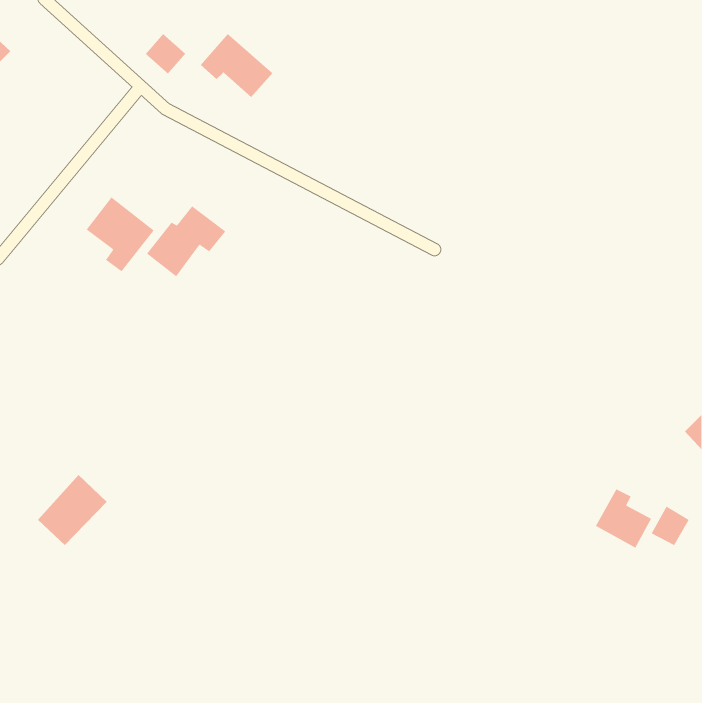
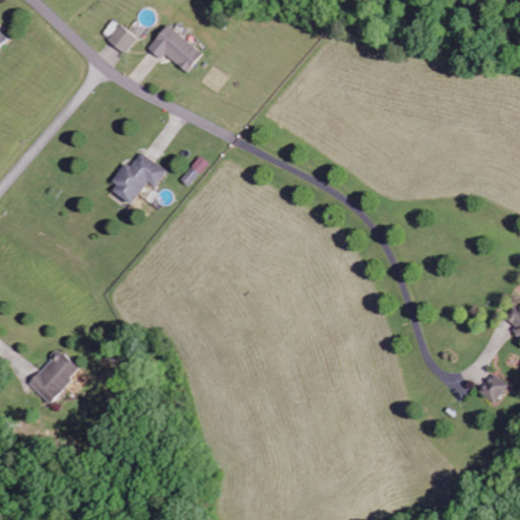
building: [86,196,155,272] -> none
building: [595,488,652,548] -> none

